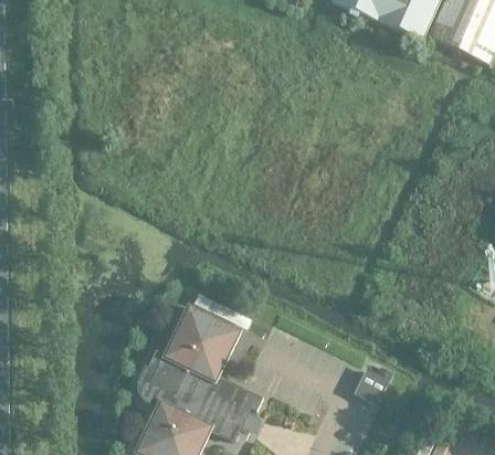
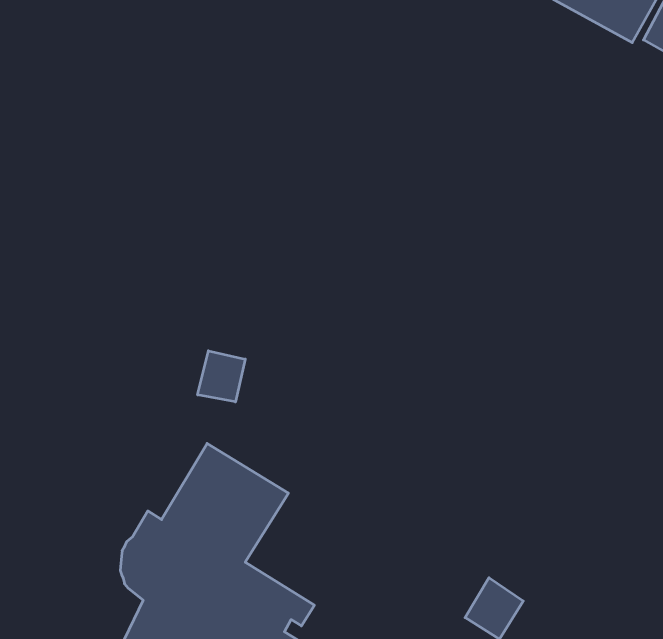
building: none -> [198,351,245,402]

